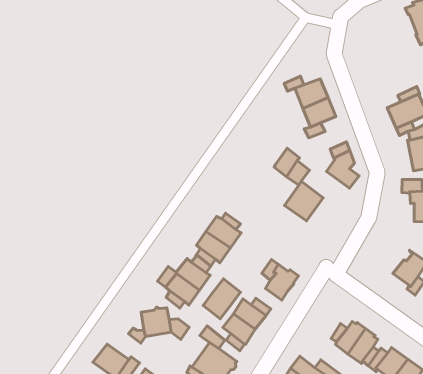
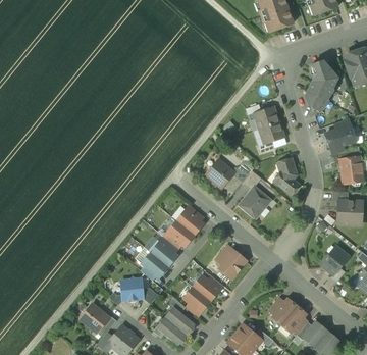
building: none -> [306,60,338,111]
building: none -> [206,159,234,187]
building: [203,279,240,319] -> none

